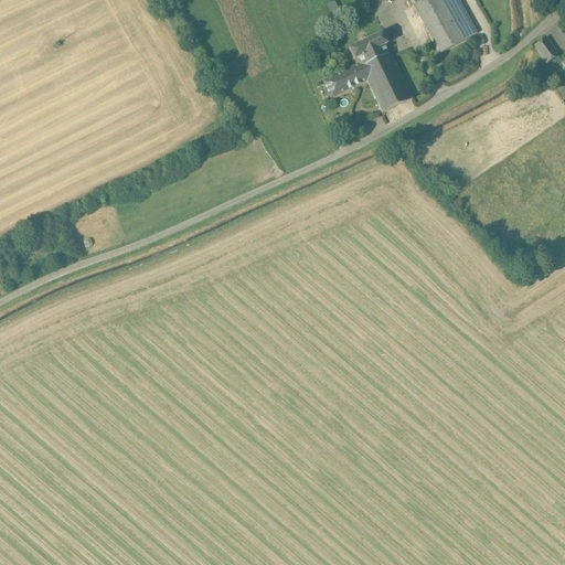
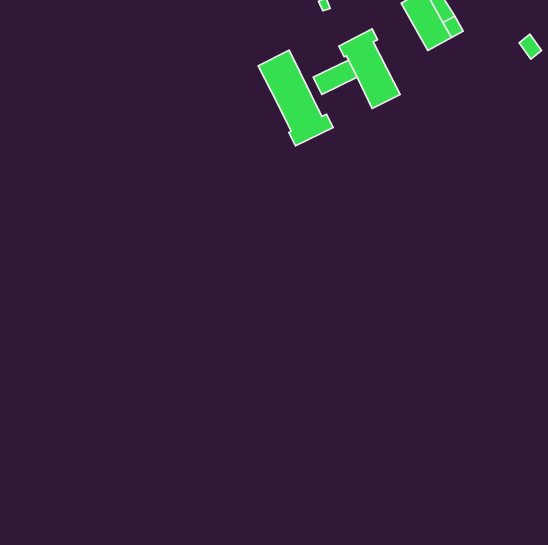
building: none -> [258,50,333,146]

